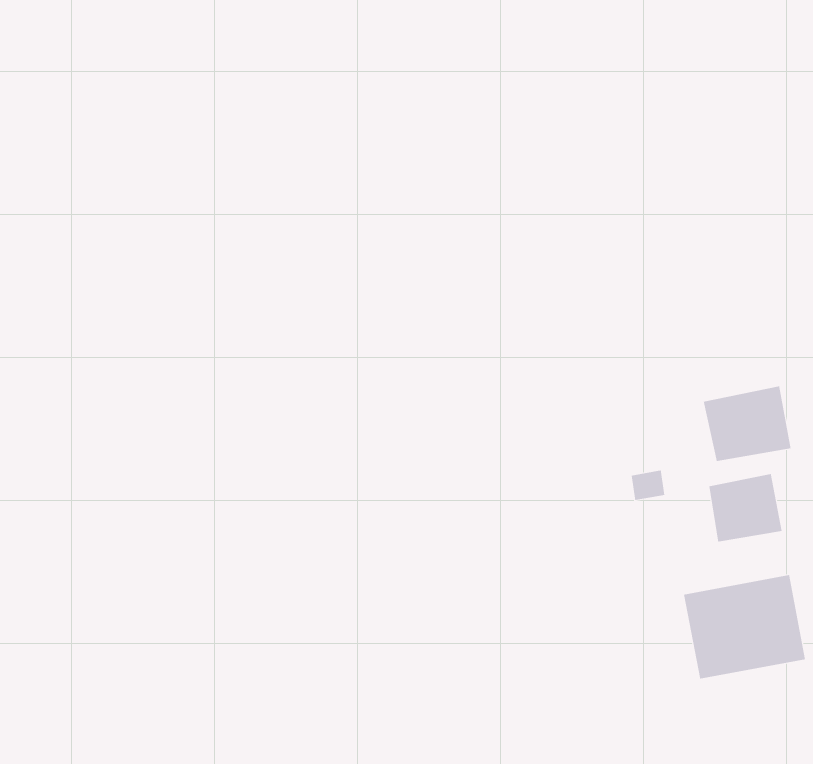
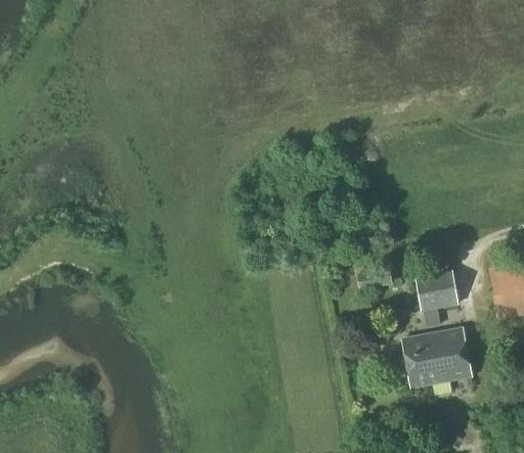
building: [703,386,791,462] -> none

